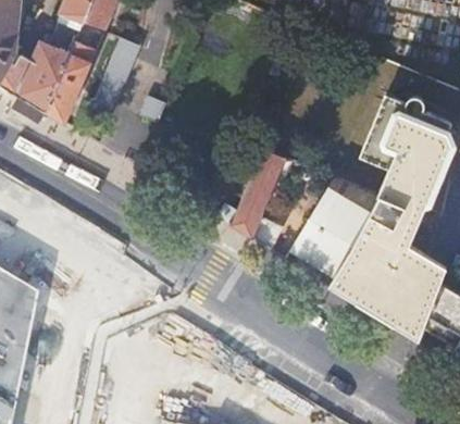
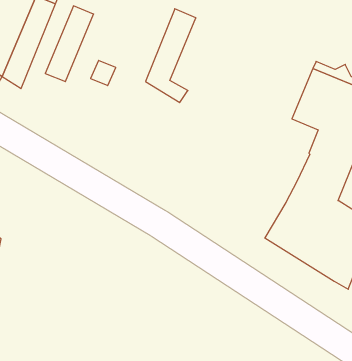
building: [231,146,285,247] -> [146,9,196,103]
building: [285,179,376,287] -> none

